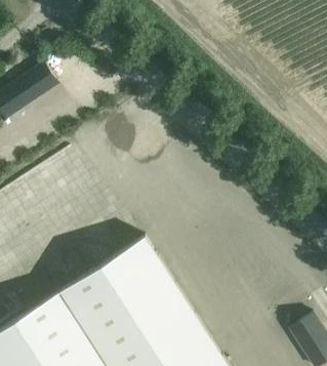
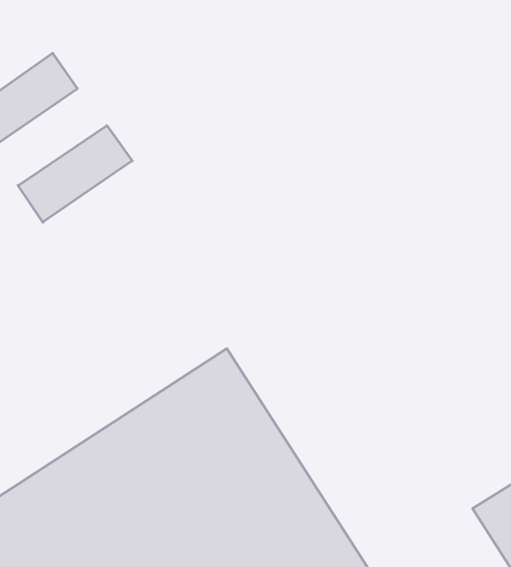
building: none -> [18,126,132,222]

